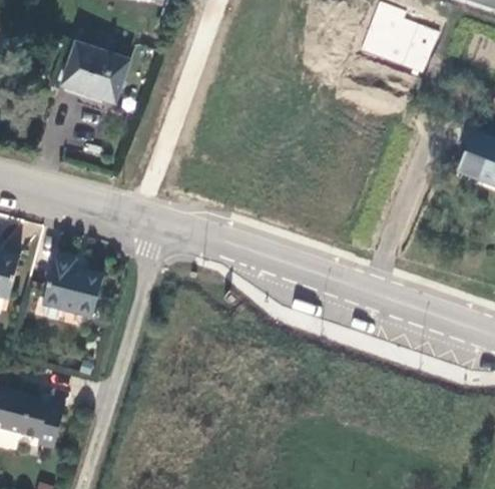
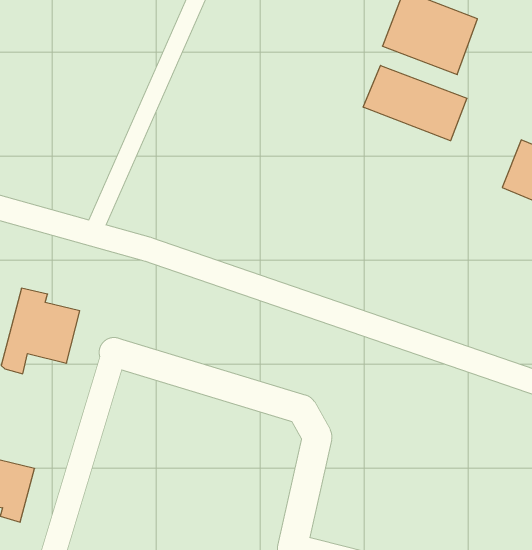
building: [61,42,129,104] -> none
building: none -> [363,65,467,141]

